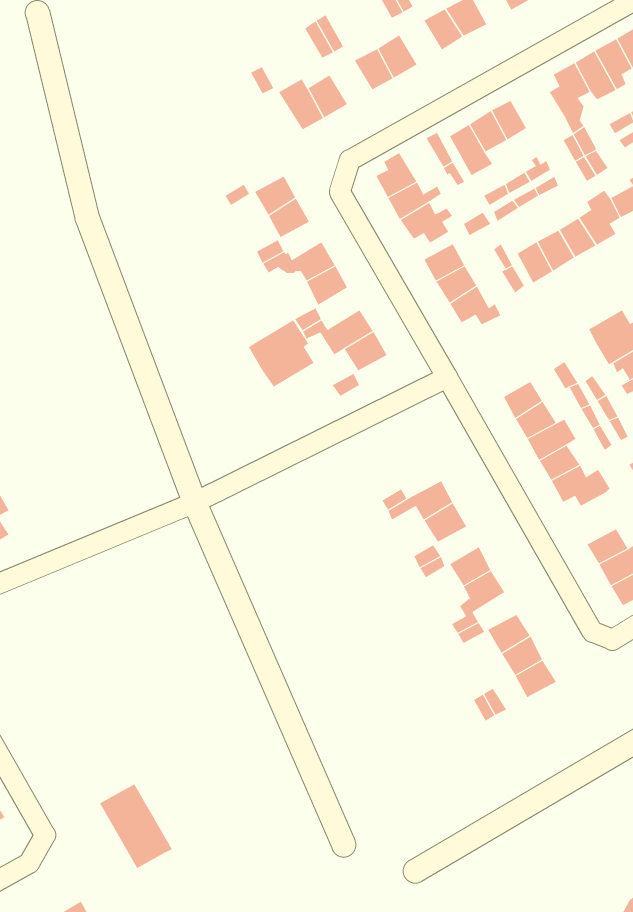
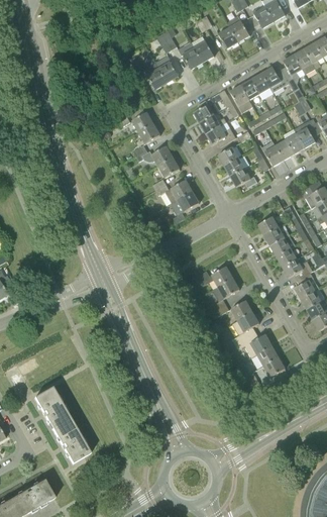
building: none -> [261,66,289,91]
building: [248,319,315,387] -> none
building: none -> [294,272,319,298]
building: none -> [33,386,71,429]

